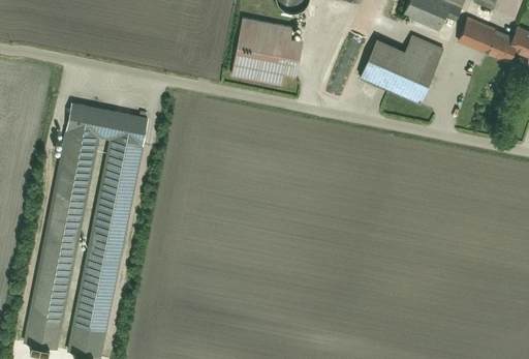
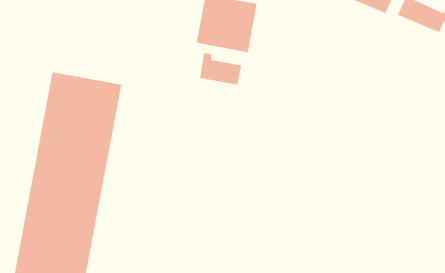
building: [362,30,443,98] -> none
building: none -> [199,52,242,85]

